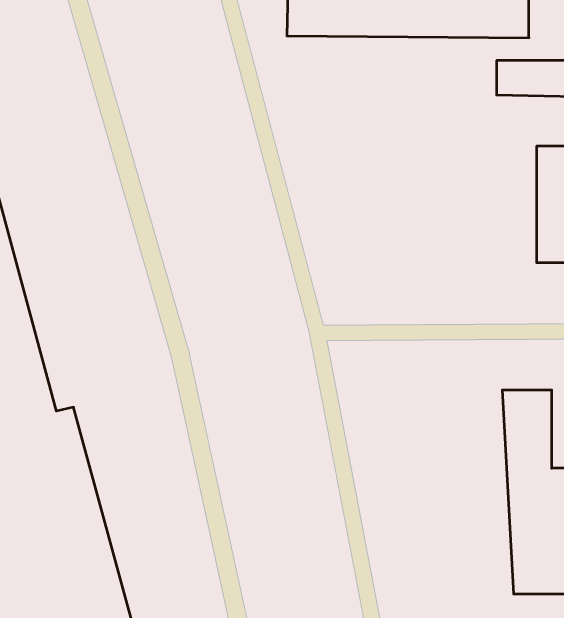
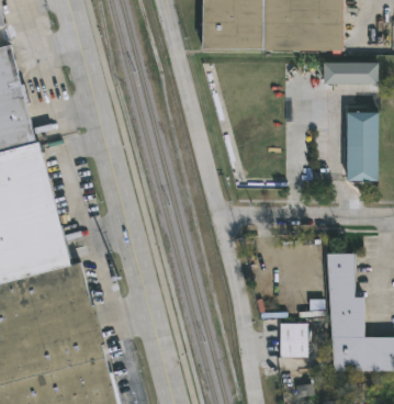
building: none -> [279,323,306,358]

